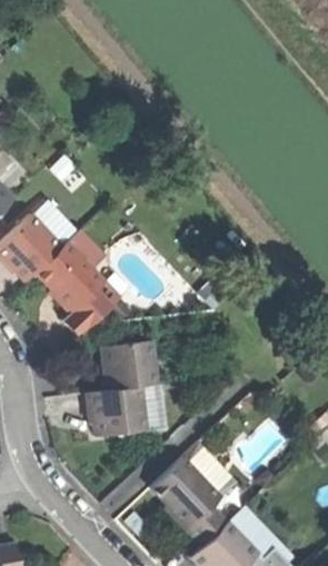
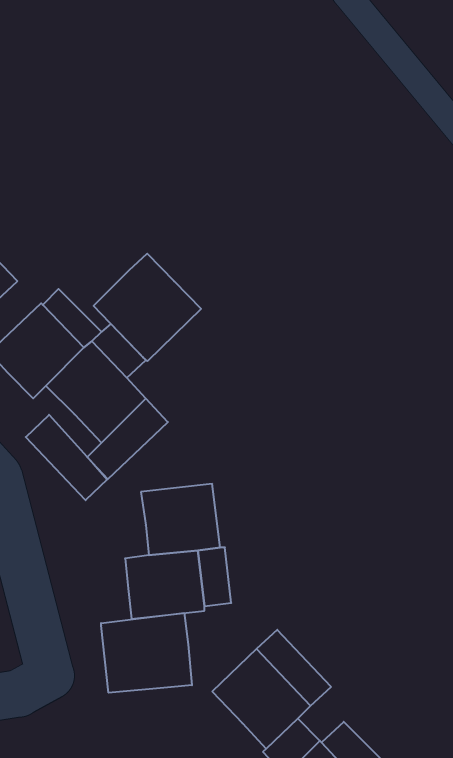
building: none -> [94,254,201,361]
building: none -> [26,415,107,500]
building: none -> [101,613,192,693]

